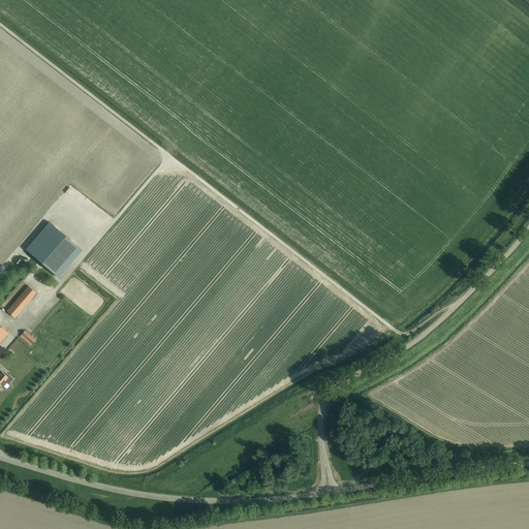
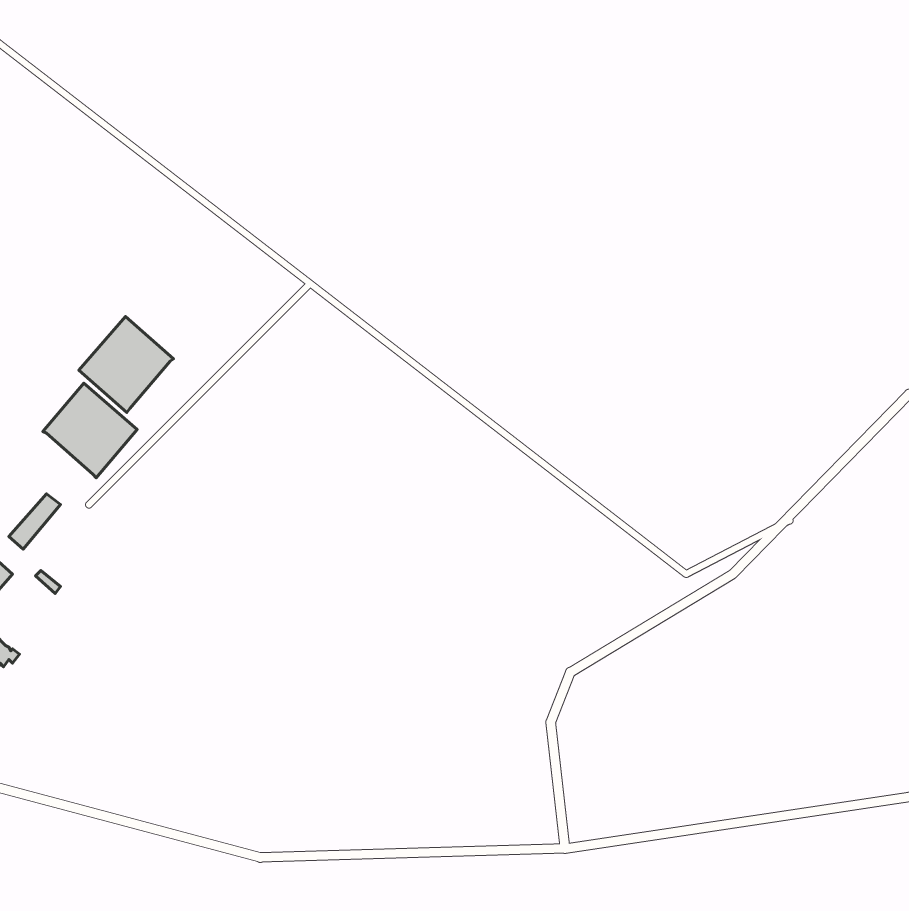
building: none -> [79,316,173,413]

